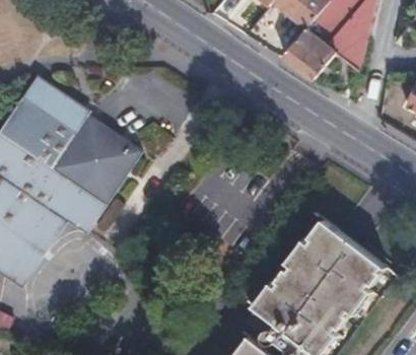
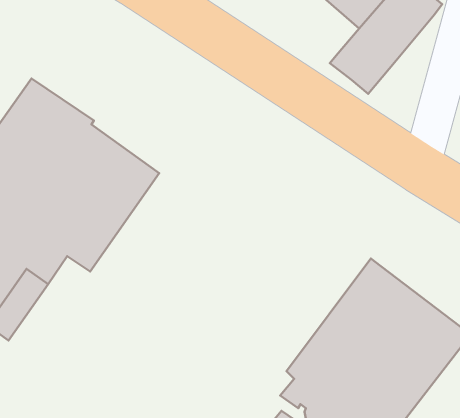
building: [335,21,369,75] -> none

